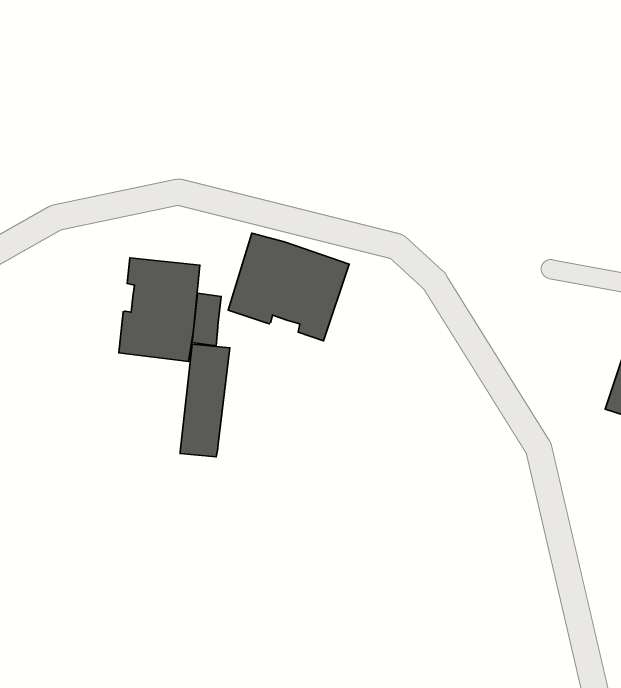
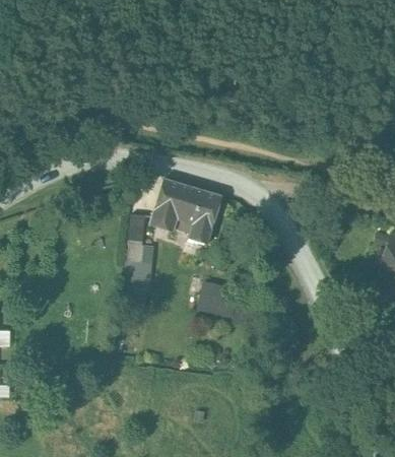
building: [119,258,200,362] -> none
building: none -> [196,279,236,315]

